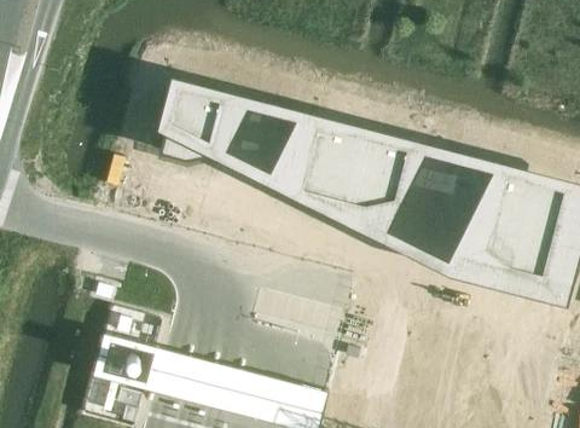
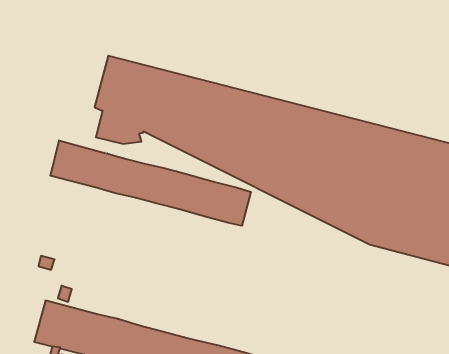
building: none -> [50,140,251,226]

